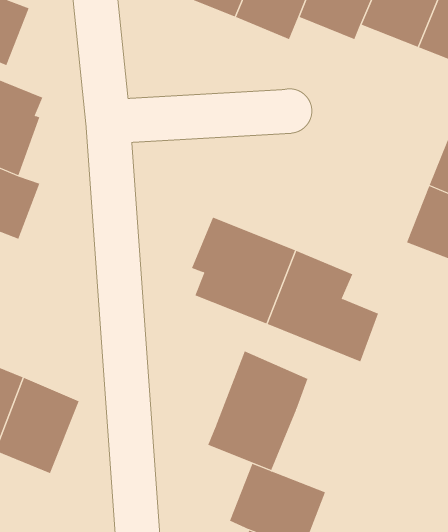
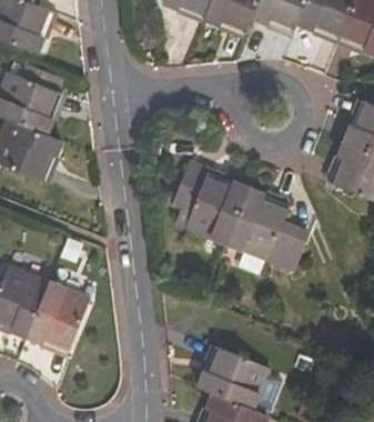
building: [208,350,308,471] -> none

